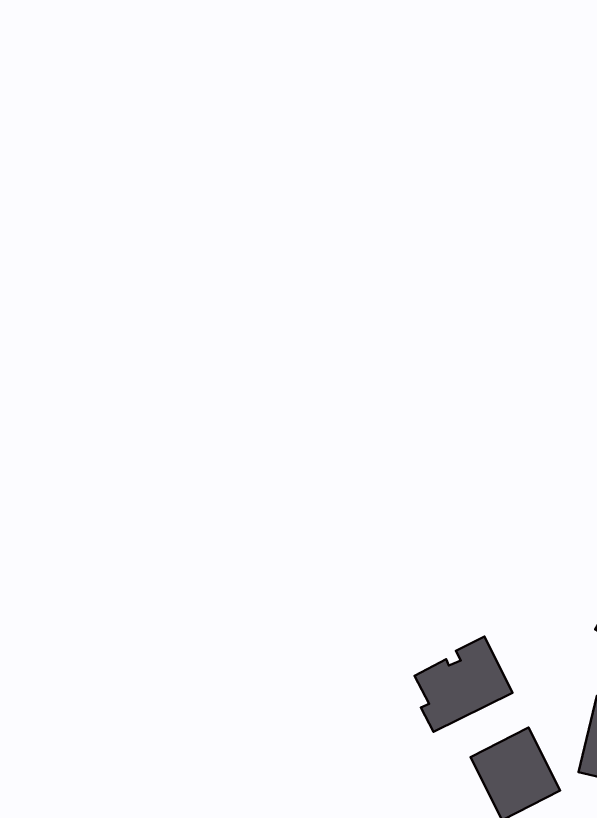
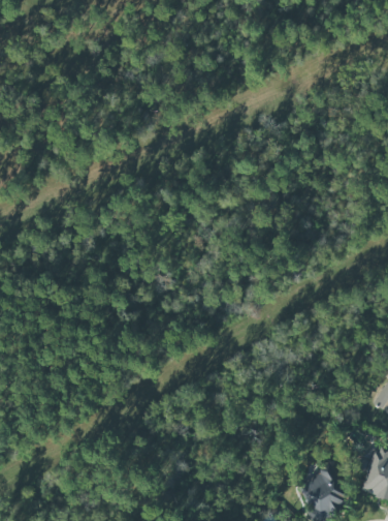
building: [414,637,513,732] -> none

